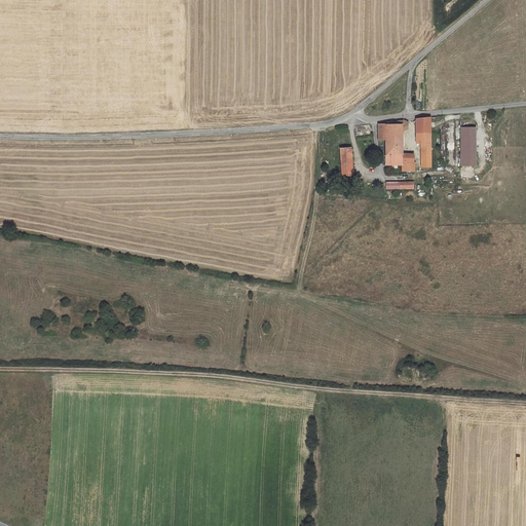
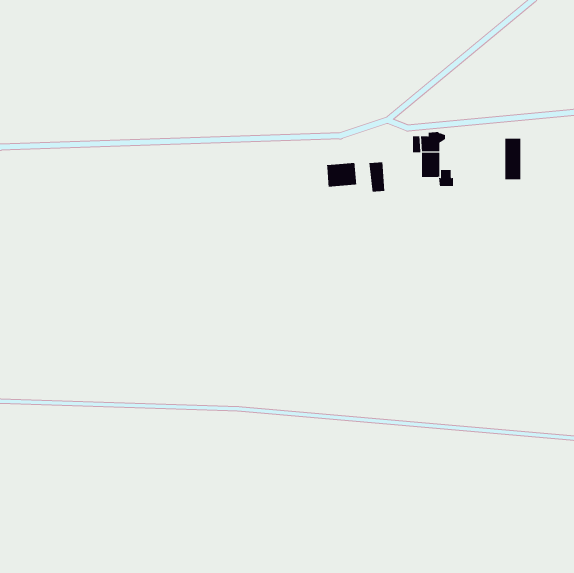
building: [415,117,431,168] -> none
building: none -> [326,162,357,187]

